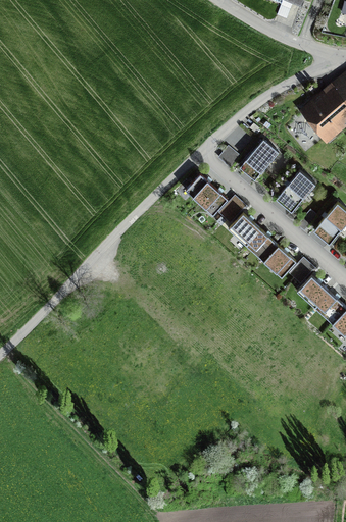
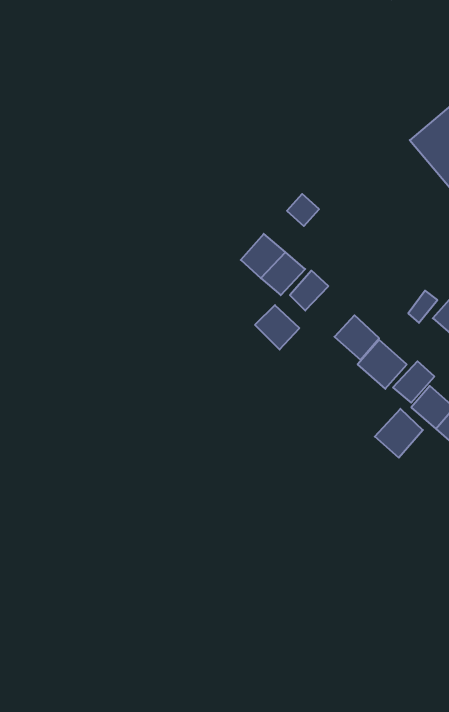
building: [240,140,280,181] -> none
building: [277,171,315,212] -> none
building: [232,214,261,244] -> [255,305,299,350]
building: none -> [375,409,423,458]

